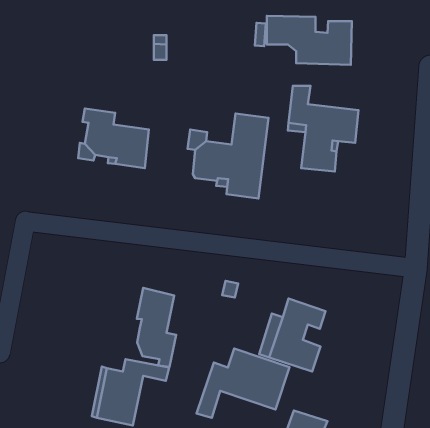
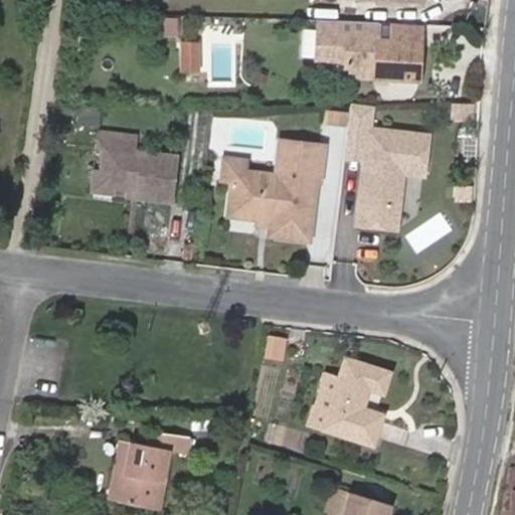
building: none -> [358,203,400,227]
building: [137,288,176,367] -> none
building: [196,349,289,418] -> none

